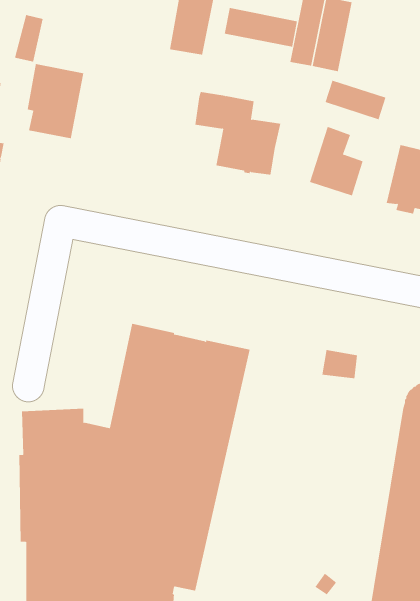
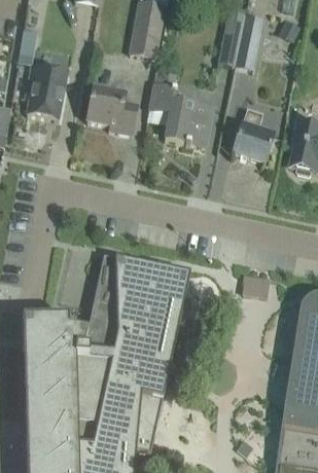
building: [224,7,297,48] -> none
building: [325,80,386,120] -> none
building: none -> [85,85,137,133]

